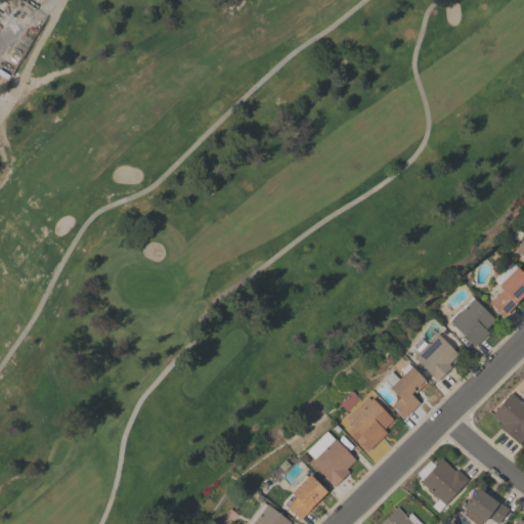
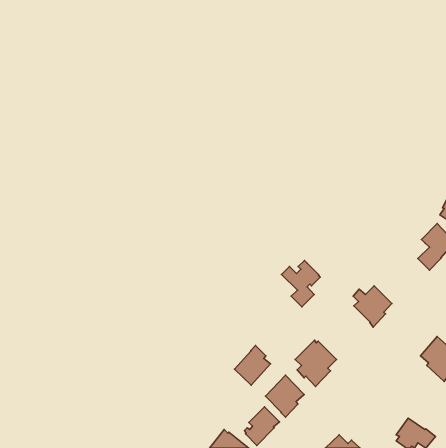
building: [449,296,496,347] -> none
building: [383,363,428,418] -> [282,260,320,307]
building: none -> [234,346,271,385]
building: [417,458,470,513] -> none

